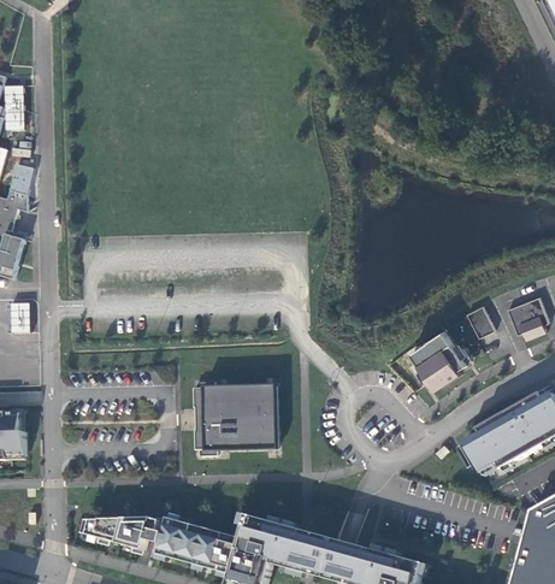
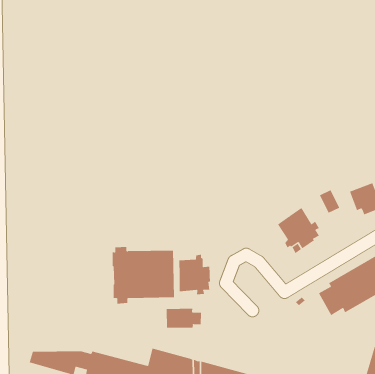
building: none -> [179,254,211,295]
building: none -> [166,308,202,329]

